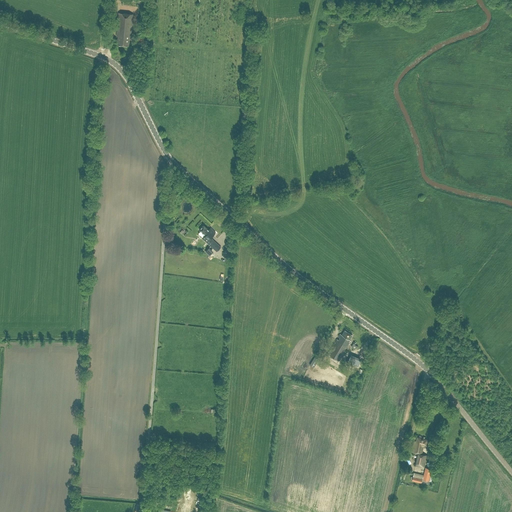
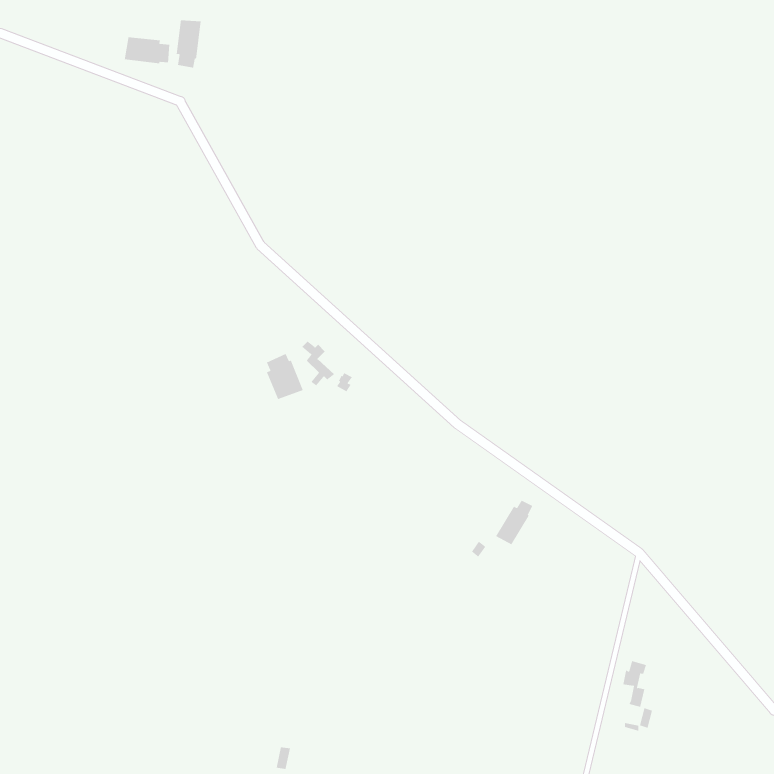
building: none -> [124,36,170,64]
building: none -> [266,353,303,400]

